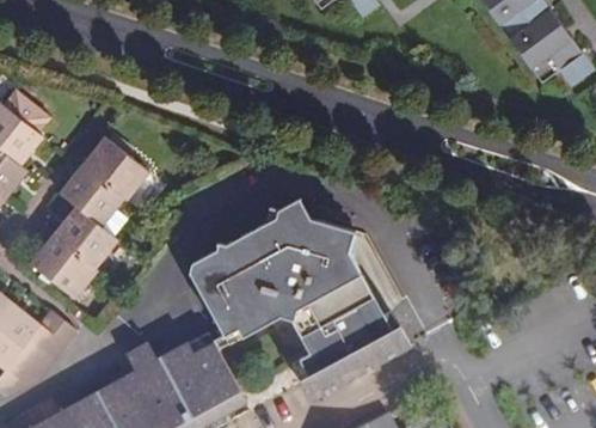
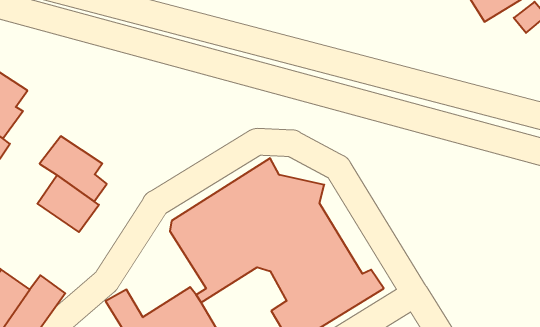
building: [80,136,148,200] -> none
building: [27,234,96,299] -> none

